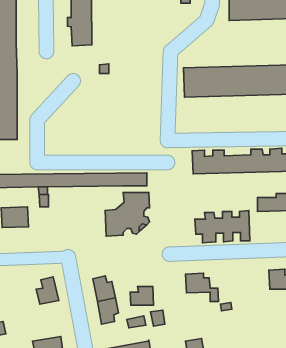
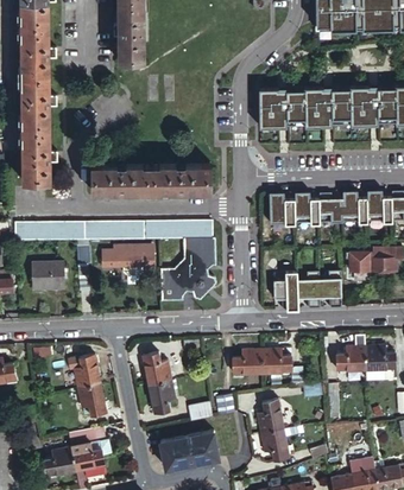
building: none -> [90,166,208,197]
building: none -> [101,248,152,275]
building: none -> [334,344,366,369]
building: [130,286,154,305] -> [232,349,261,373]
building: none -> [77,382,107,415]
building: none -> [257,400,280,433]

